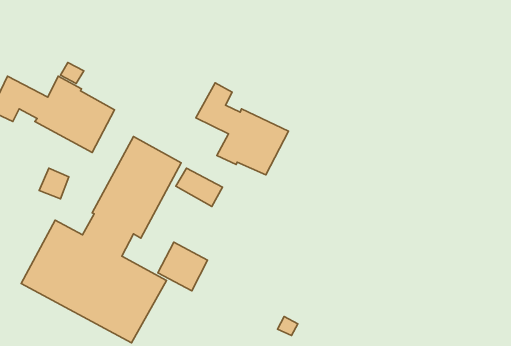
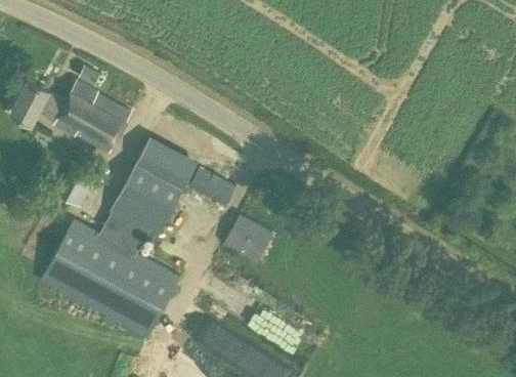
building: [196,83,288,175] -> none
building: [158,242,208,291] -> [224,215,272,262]

